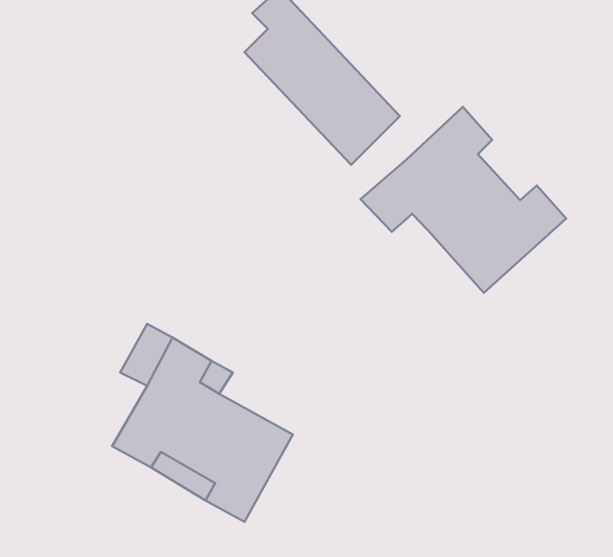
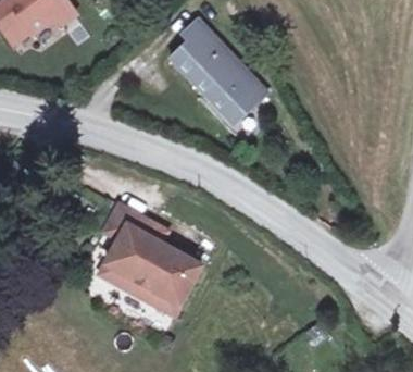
building: [360,107,566,293] -> none

